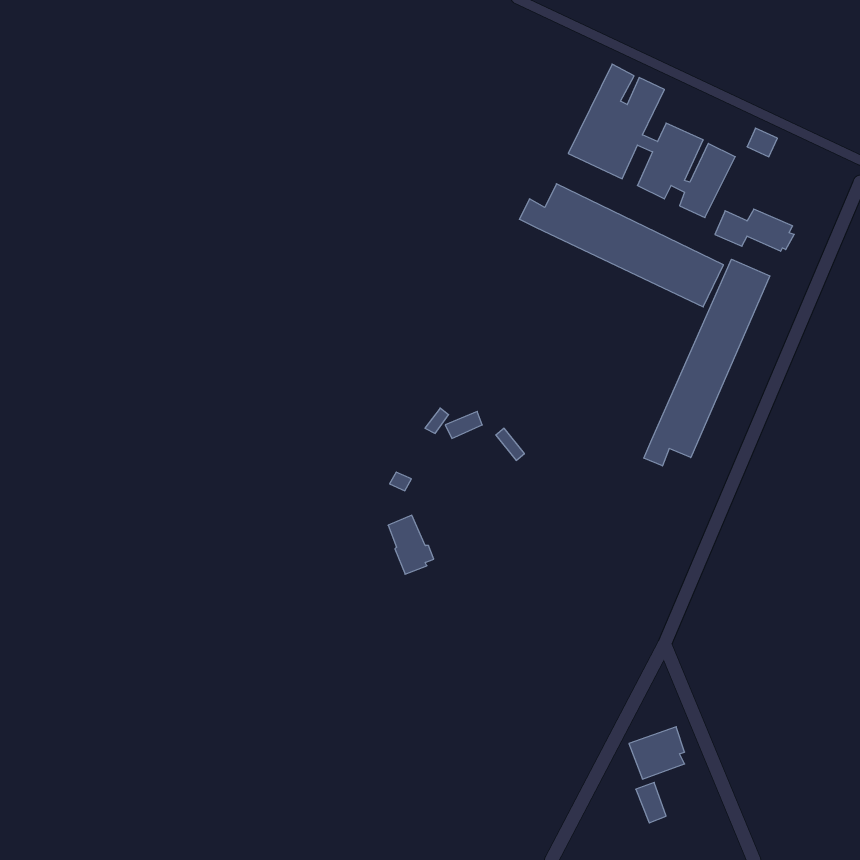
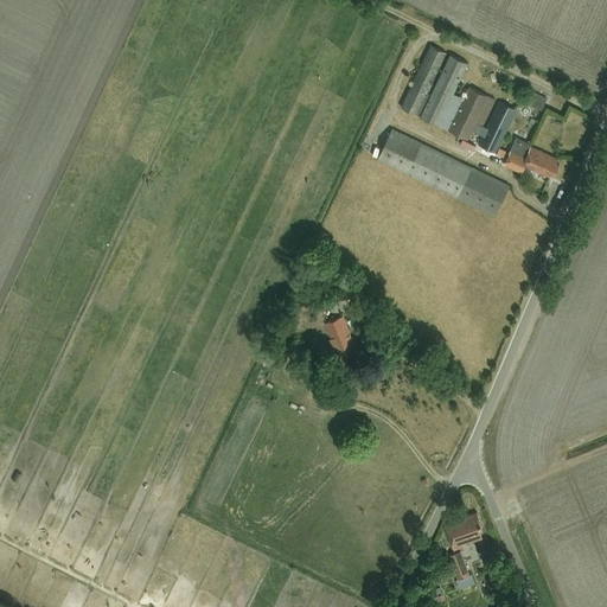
building: [644,259,770,466] -> none
building: [388,515,434,574] -> [324,317,356,358]

